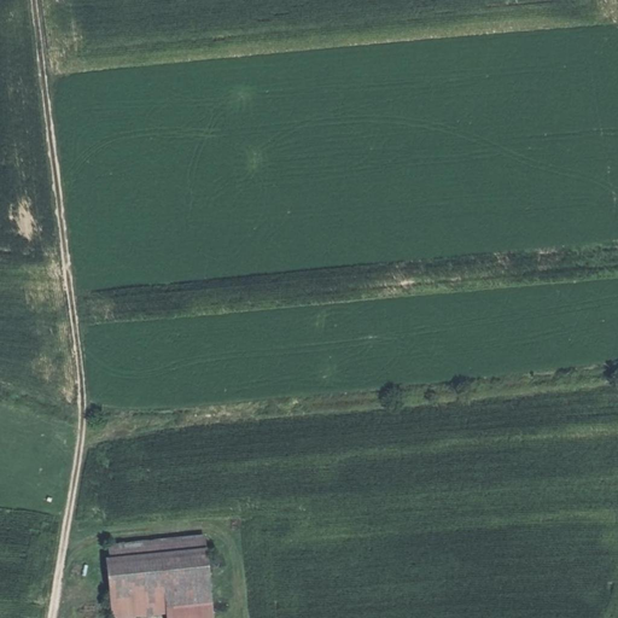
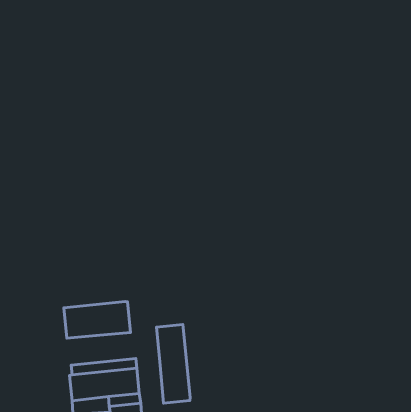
building: none -> [64,302,131,338]
building: none -> [156,324,190,403]

